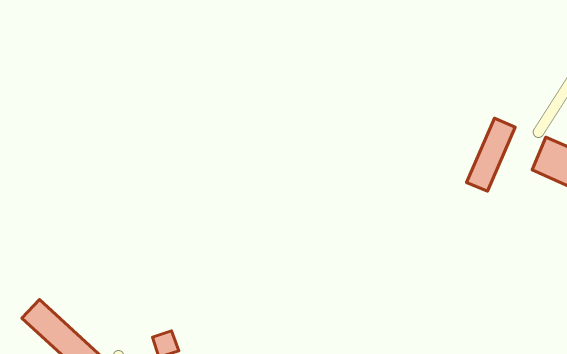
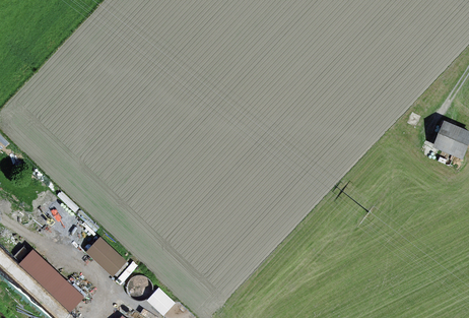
building: [467,118,515,191] -> none
building: none -> [85,237,127,277]

